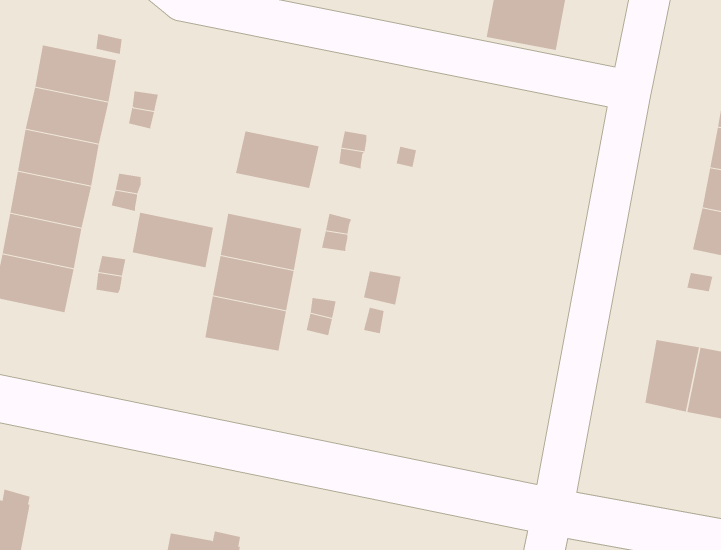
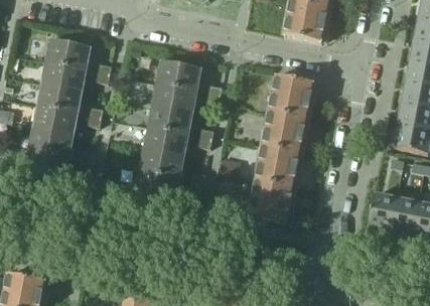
building: none -> [157,59,200,91]
building: none -> [249,72,313,220]
building: [132,212,214,268] -> [148,105,191,134]

